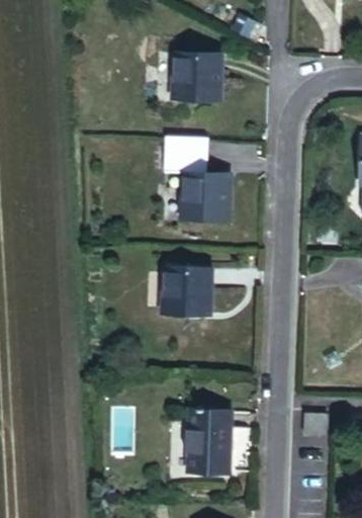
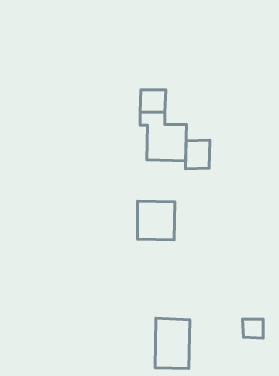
building: [173,52,219,93] -> none
building: none -> [185,140,210,169]

